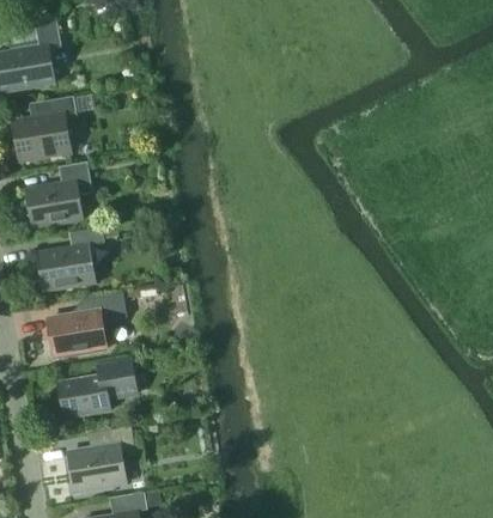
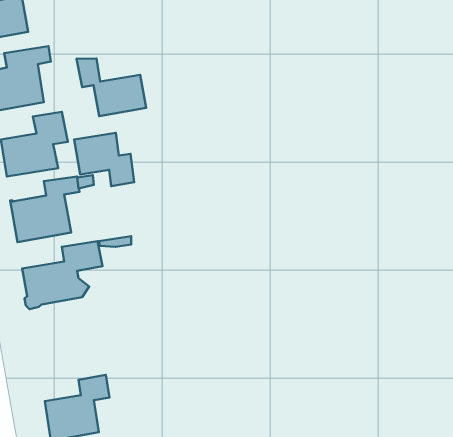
building: none -> [77,58,146,116]
building: none -> [74,133,134,186]
building: [57,364,136,426] -> none

